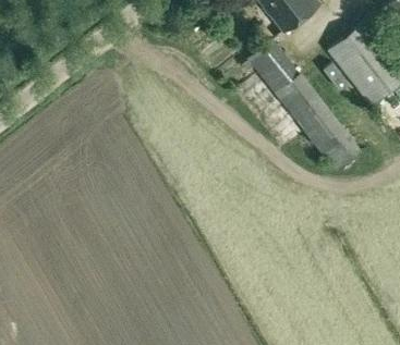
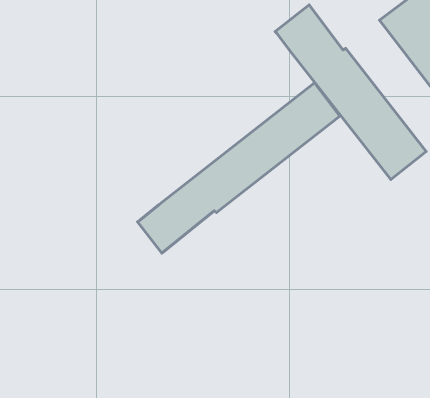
building: none -> [137,83,340,253]

